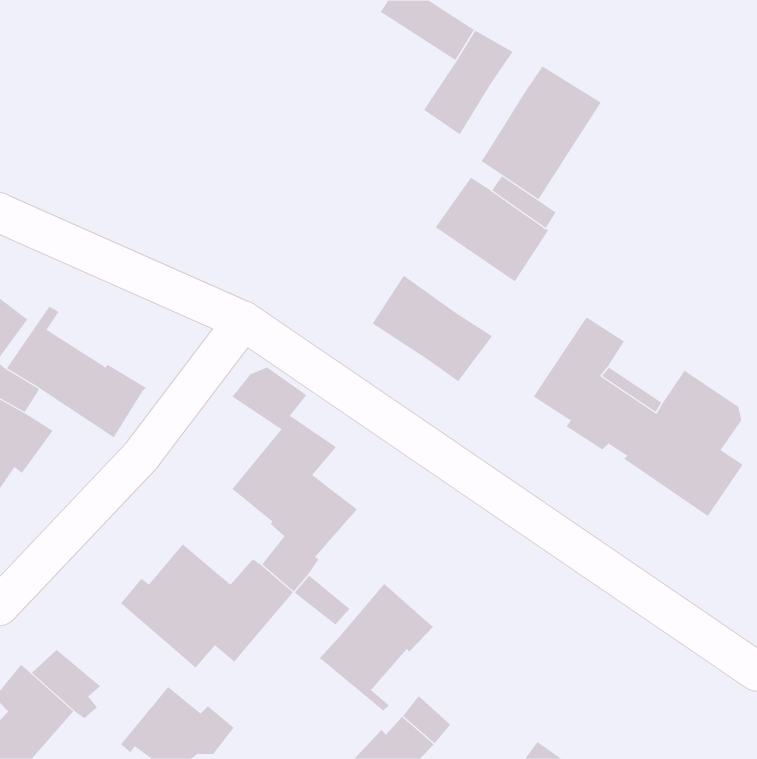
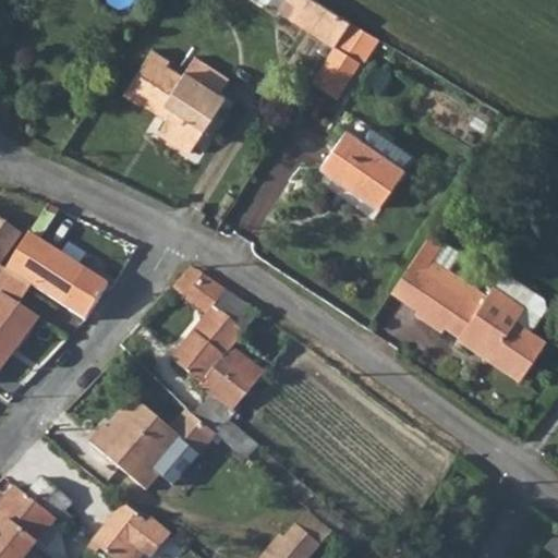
building: none -> [121,48,229,154]
building: [481,66,601,200] -> none
building: [372,275,493,382] -> none
building: [319,583,434,712] -> none

